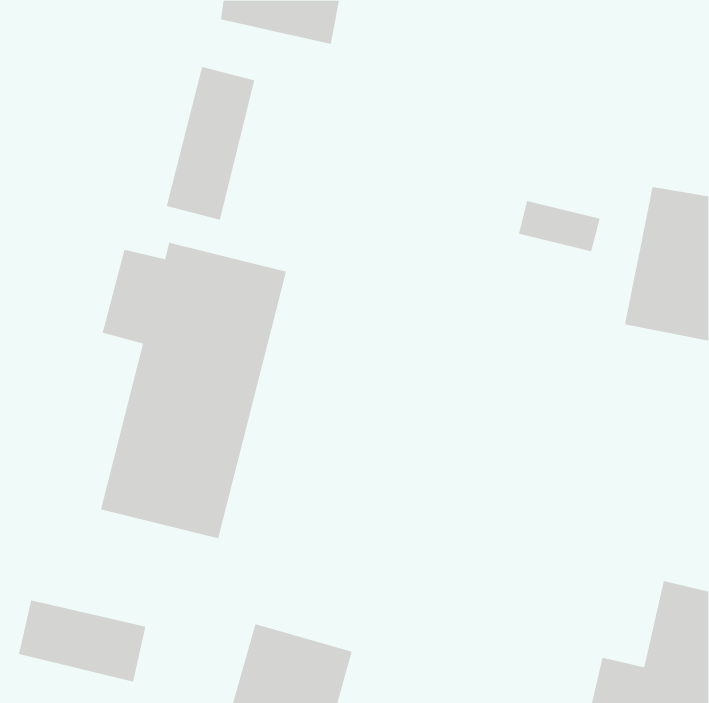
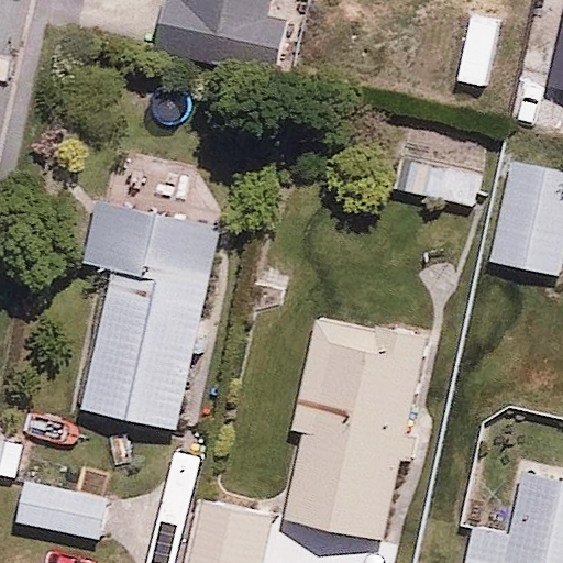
building: [166,66,255,220] -> none
building: none -> [277,321,426,537]

